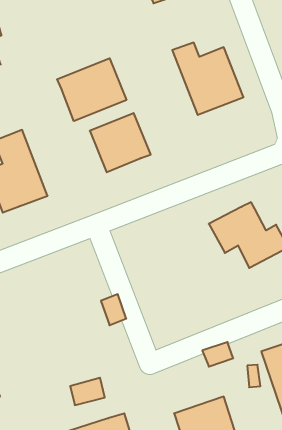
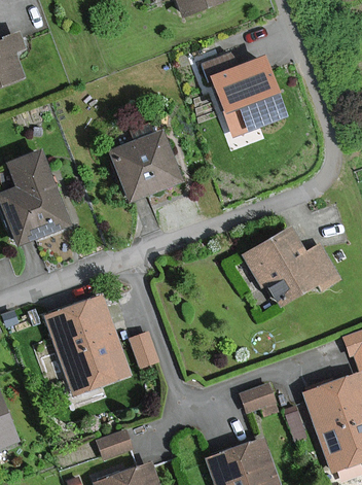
building: [57,58,126,121] -> none
building: none -> [45,298,131,395]

